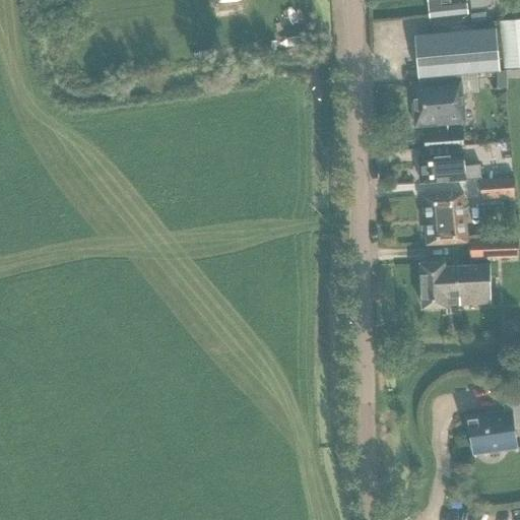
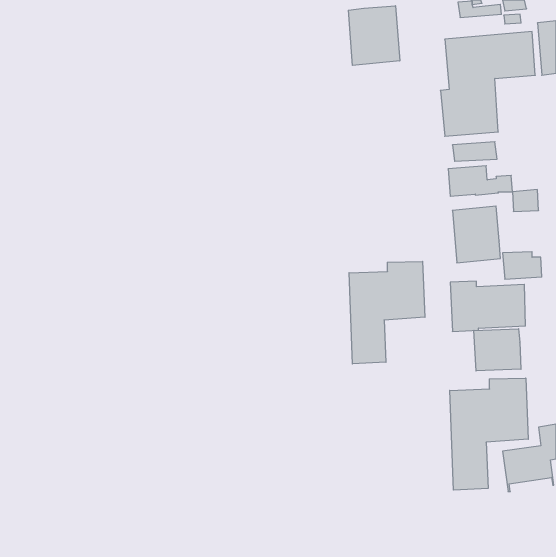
building: none -> [348,6,400,65]
building: none -> [349,261,425,364]
building: none -> [474,329,521,371]
building: none -> [450,378,528,490]

